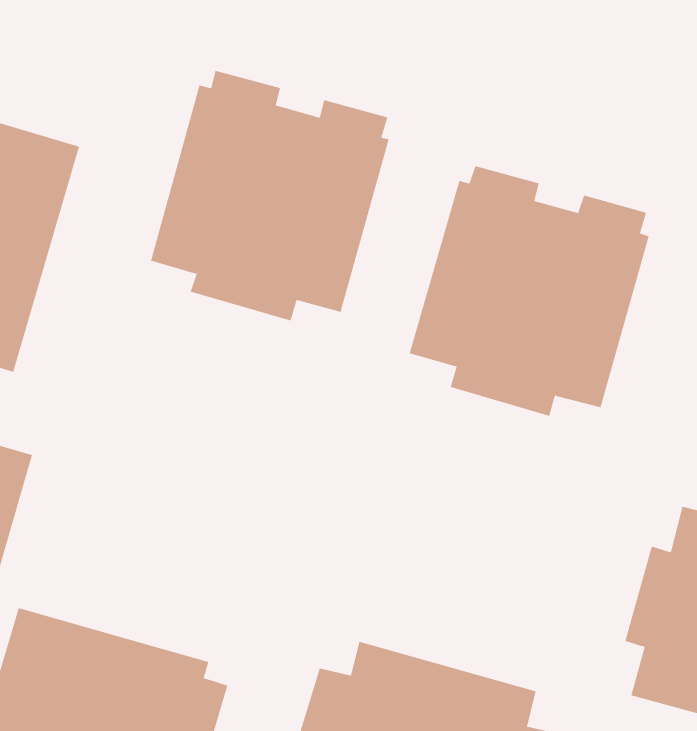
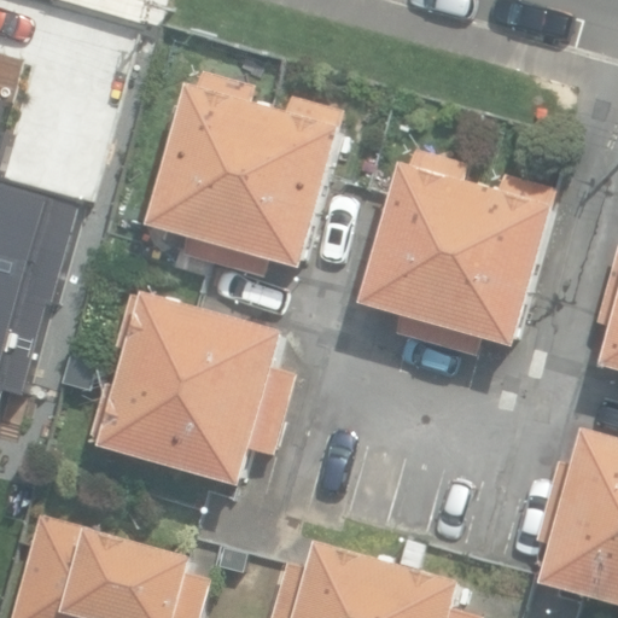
building: none -> [84,292,292,490]

